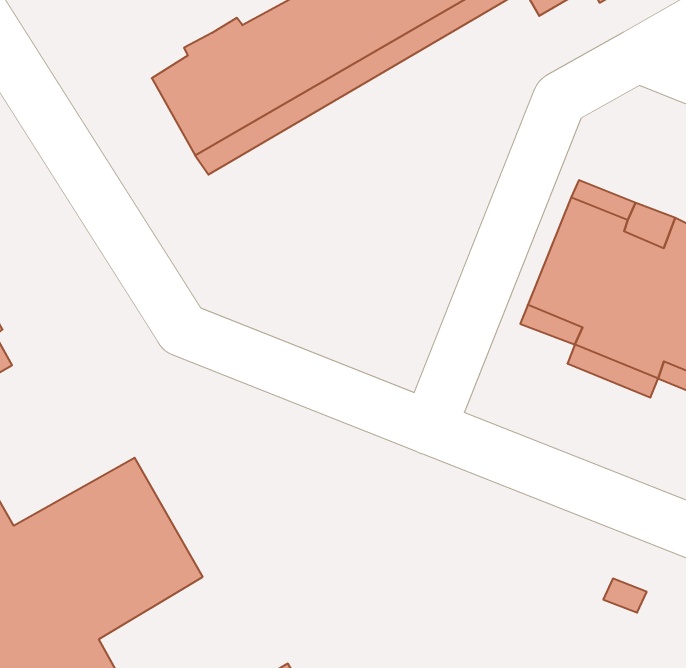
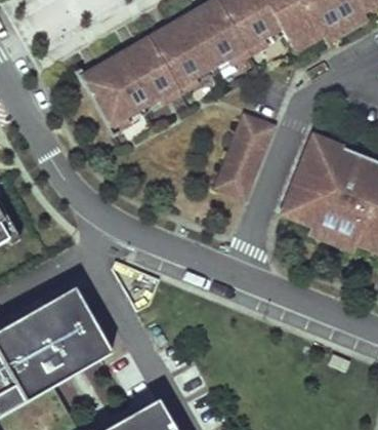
building: none -> [207,111,274,197]

